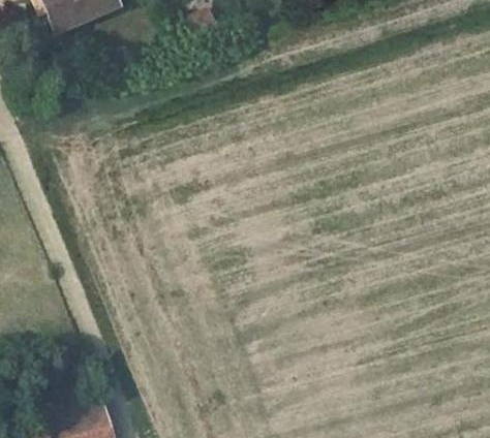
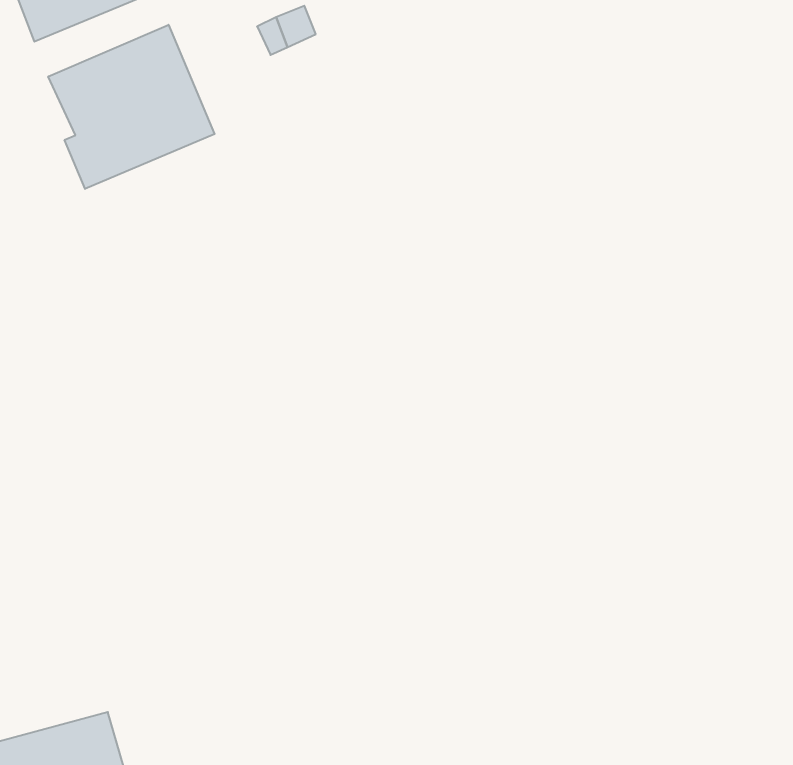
building: none -> [48,25,215,189]

